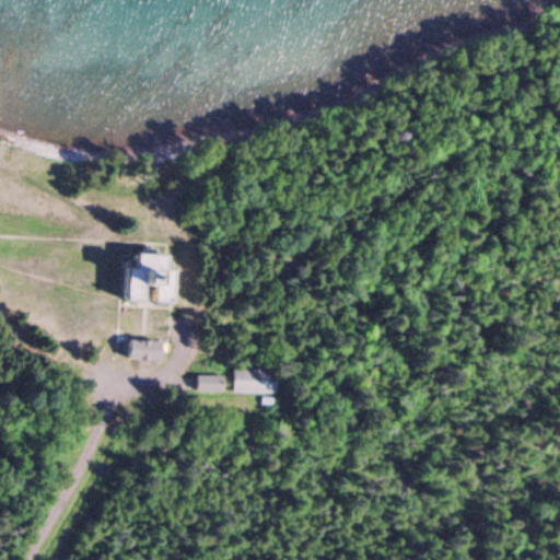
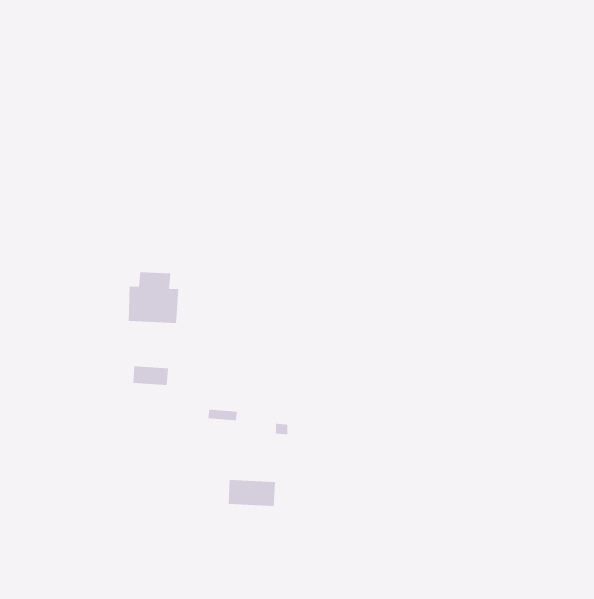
building: [233,369,278,394] -> [228,479,276,506]

